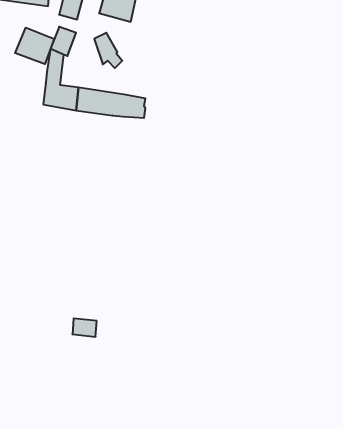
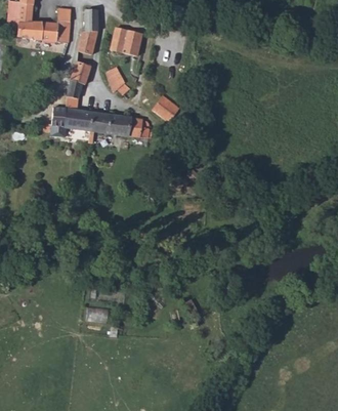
building: [15,28,54,64] -> none
building: none -> [152,96,179,123]

